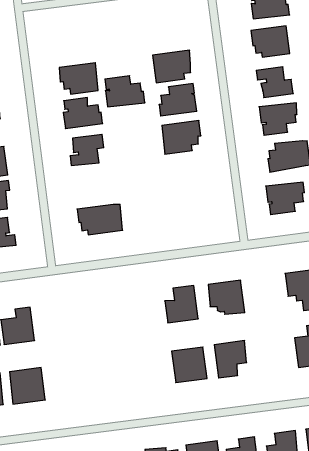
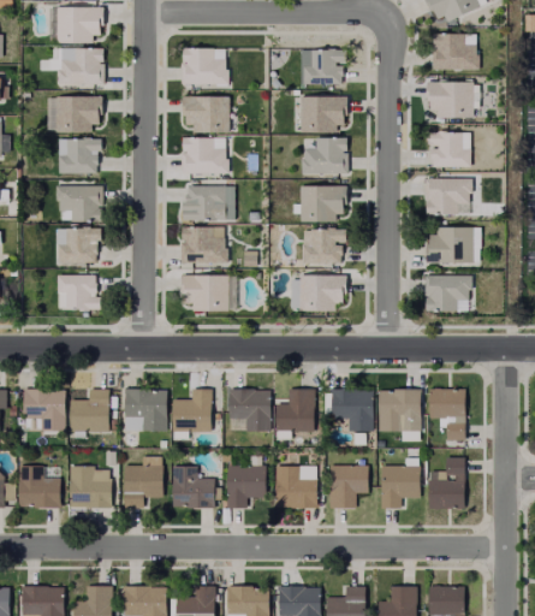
building: none -> [304,49,347,83]
building: [105,76,145,107] -> [178,52,225,88]
building: none -> [304,230,347,263]
building: none -> [182,227,228,263]
building: none -> [301,274,347,309]
building: none -> [379,392,421,432]
building: none -> [228,390,269,431]
building: none -> [173,390,212,440]
building: none -> [126,390,166,431]
building: none -> [382,466,421,498]
building: none -> [228,467,264,509]
building: none -> [125,457,161,508]
building: none -> [173,467,215,508]

